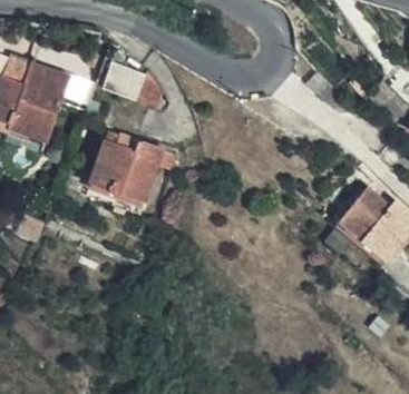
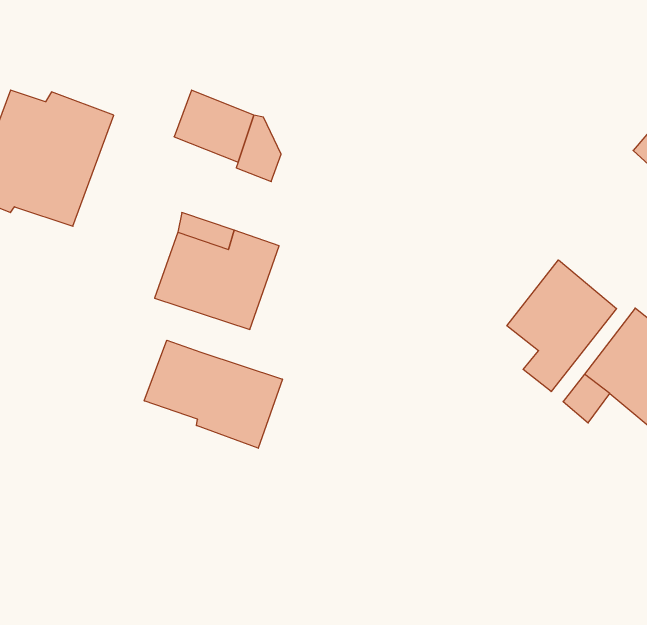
building: none -> [507,260,617,392]
building: none -> [144,340,282,448]

